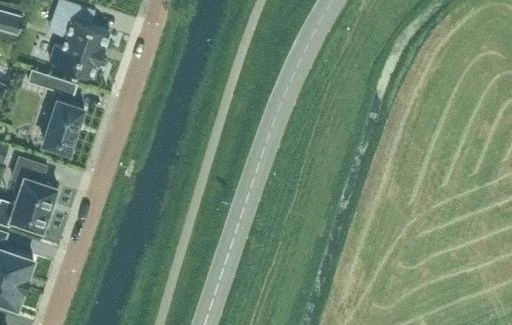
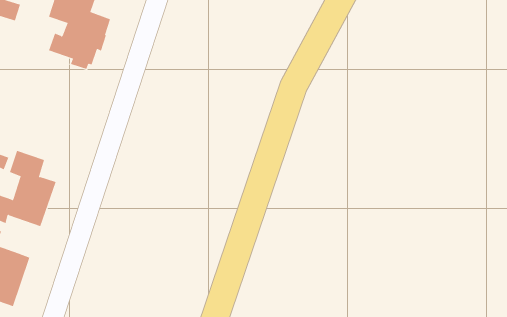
building: [27,71,84,153] -> none

